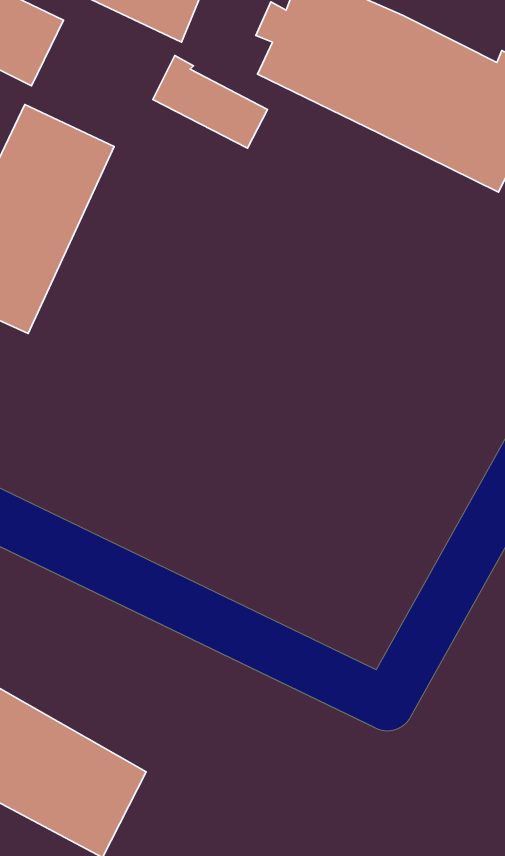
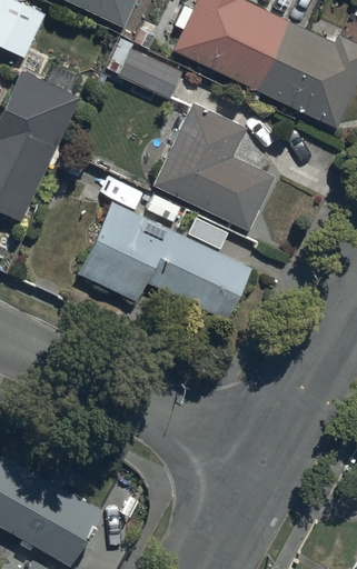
building: none -> [150,100,274,232]
building: none -> [76,202,250,319]

